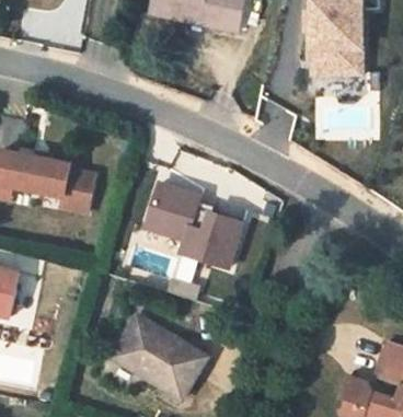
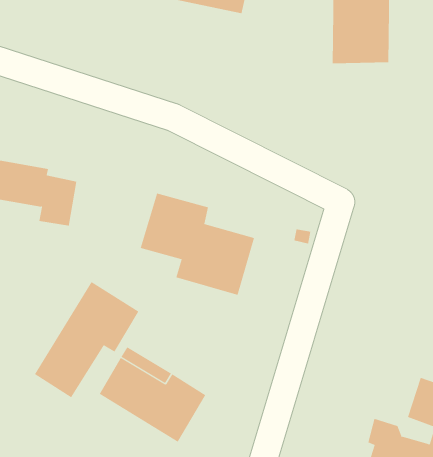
building: none -> [34,281,139,398]

